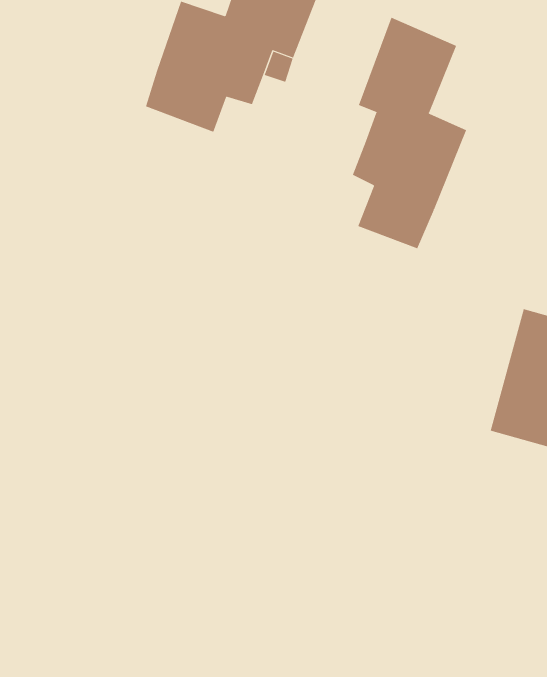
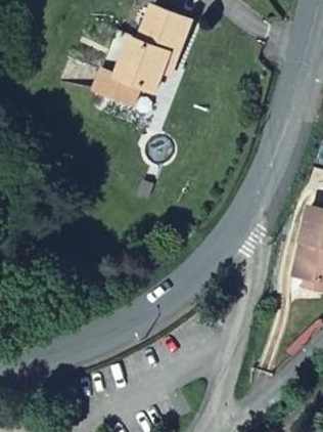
building: [352,17,467,249] -> none

